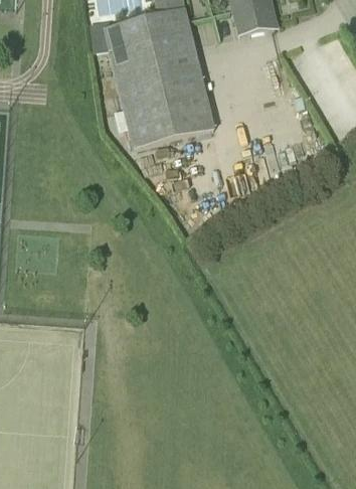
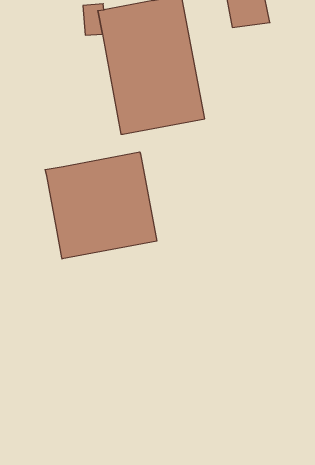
building: none -> [45,152,157,259]

